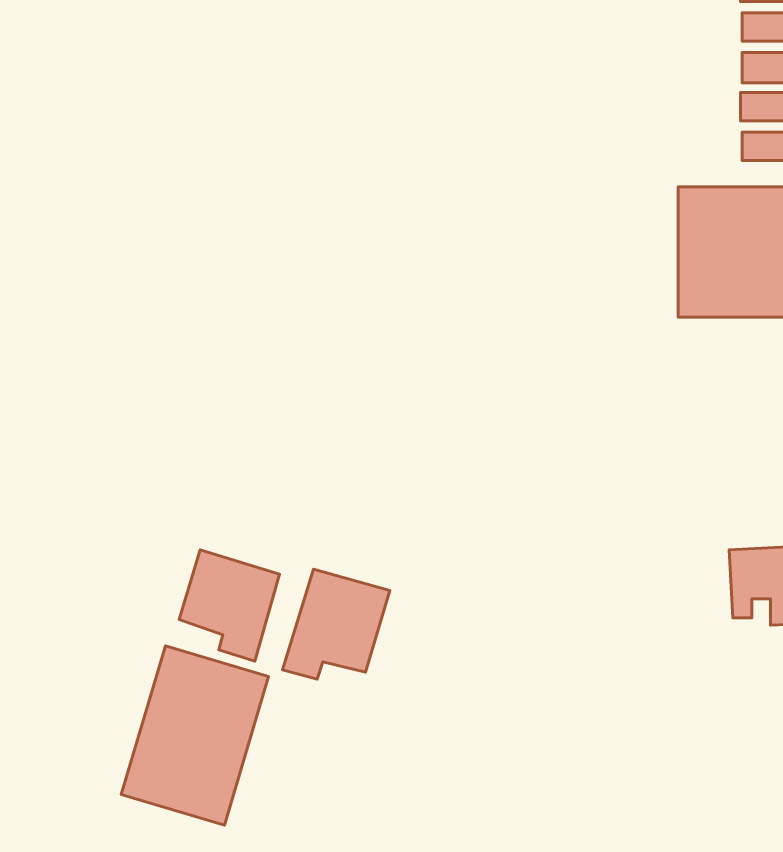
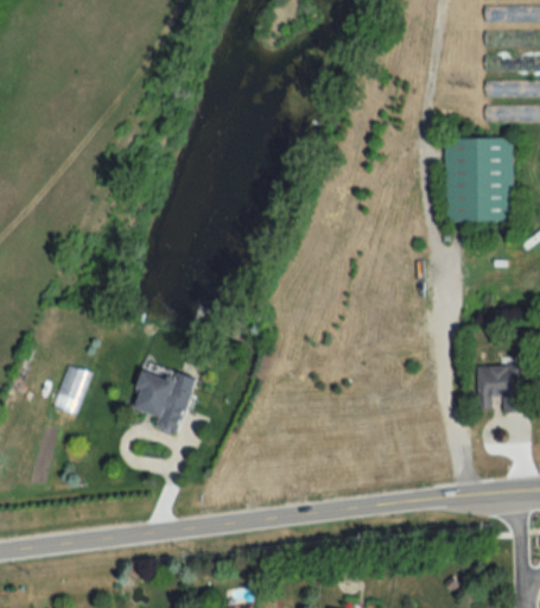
building: none -> [53,365,90,414]
building: [283,569,390,679] -> none
building: [121,646,269,825] -> none

